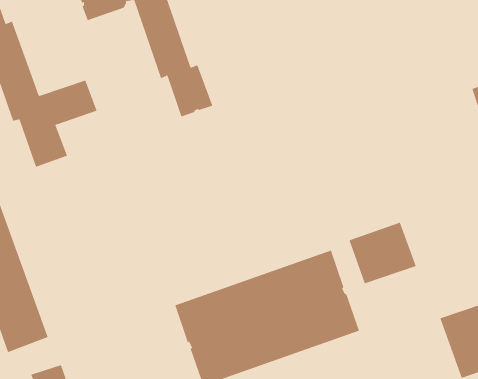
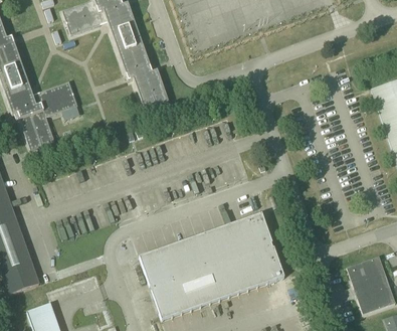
building: [349,222,416,284] -> none

